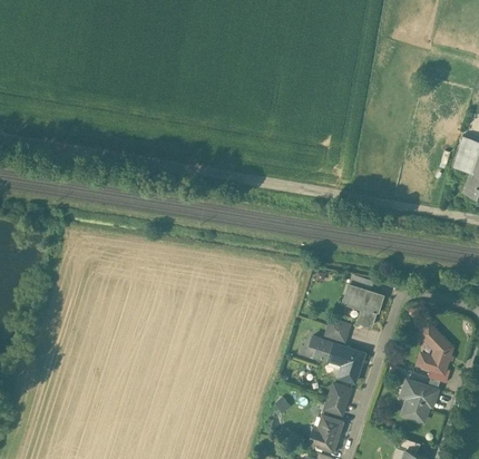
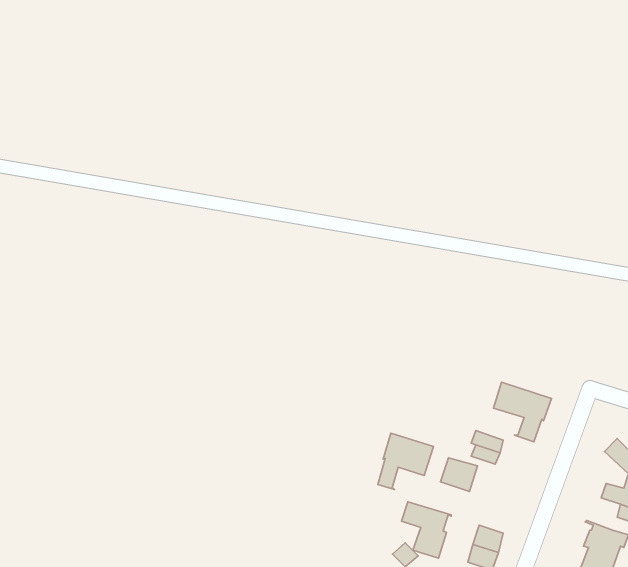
building: none -> [378,433,434,490]
building: [330,344,364,383] -> [401,502,451,558]

